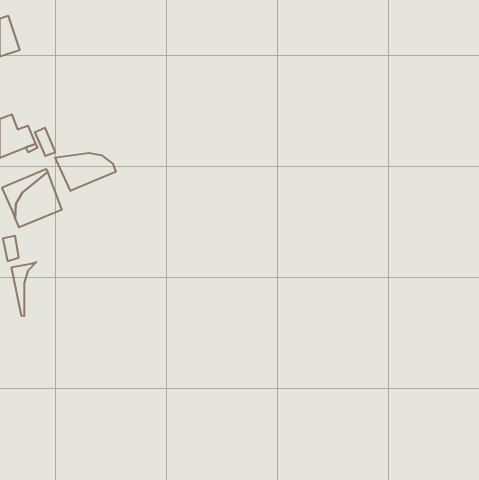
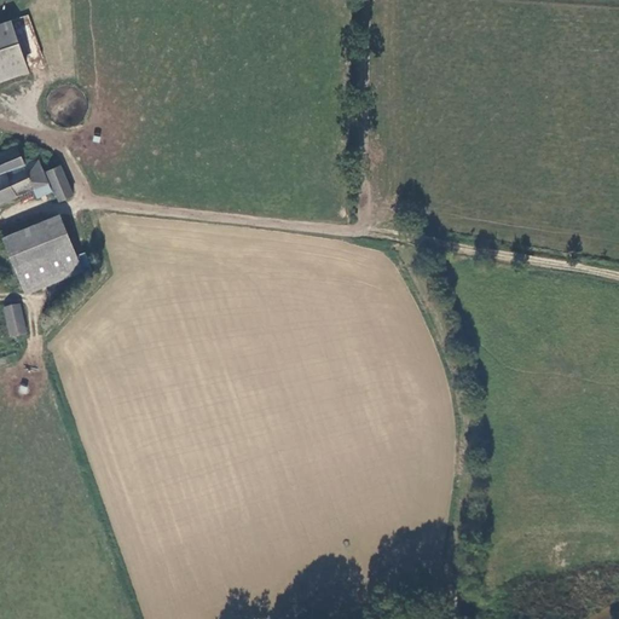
building: [55,153,116,191] -> none
building: [11,262,36,316] -> none

